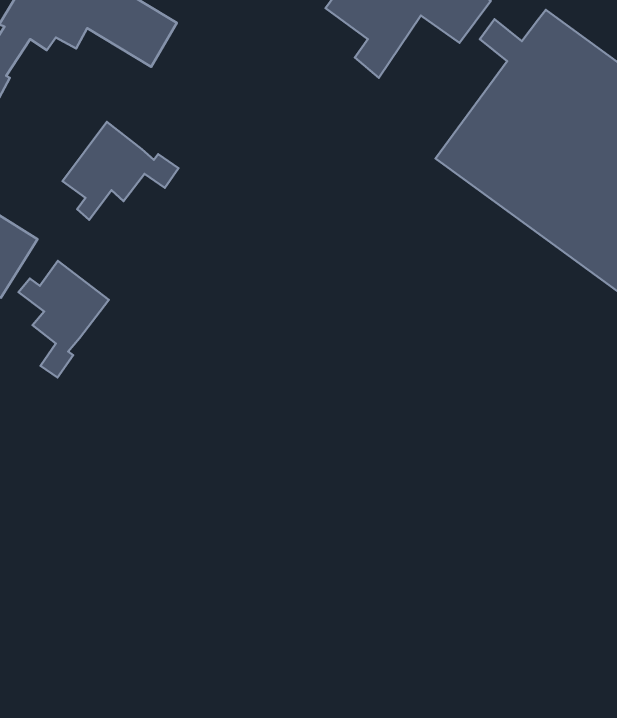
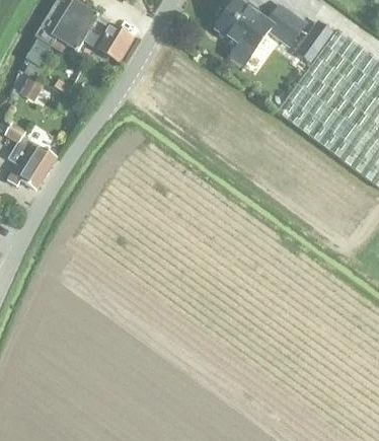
building: [63,122,178,220] -> none
building: [19,261,109,377] -> none

